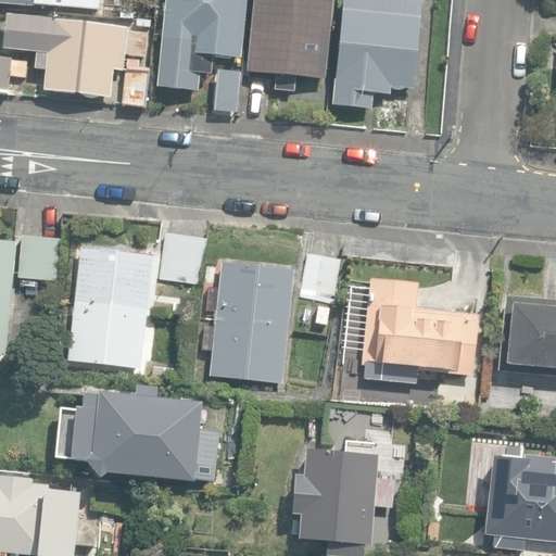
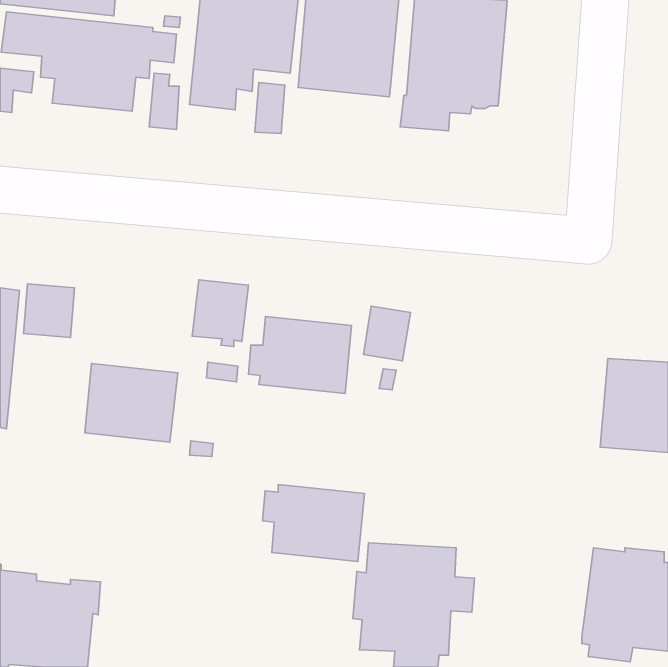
building: [76,244,154,309] -> none
building: [343,279,479,383] -> none
building: [202,319,287,383] -> [263,484,364,561]
building: [37,381,216,479] -> none

